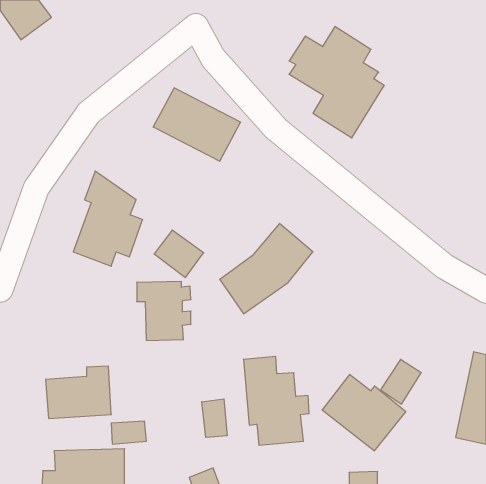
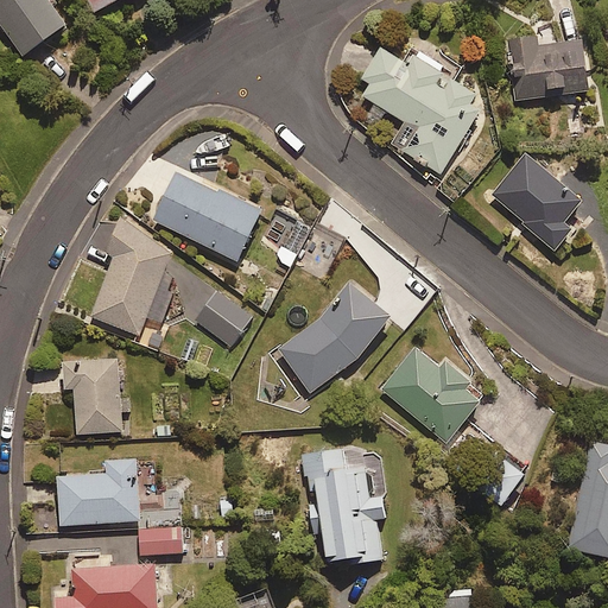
building: none -> [507,34,589,101]
building: [153,88,241,161] -> [152,170,261,261]
building: none -> [492,153,581,249]
building: [137,282,191,340] -> [63,360,131,433]
building: [322,375,406,451] -> [381,348,486,443]
building: [202,399,227,437] -> none

